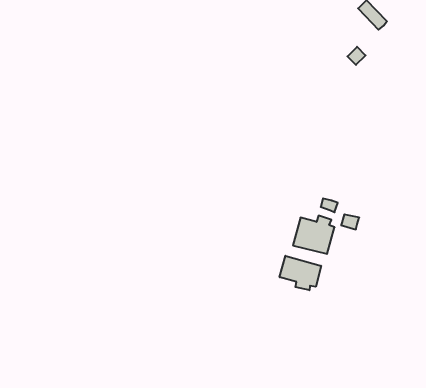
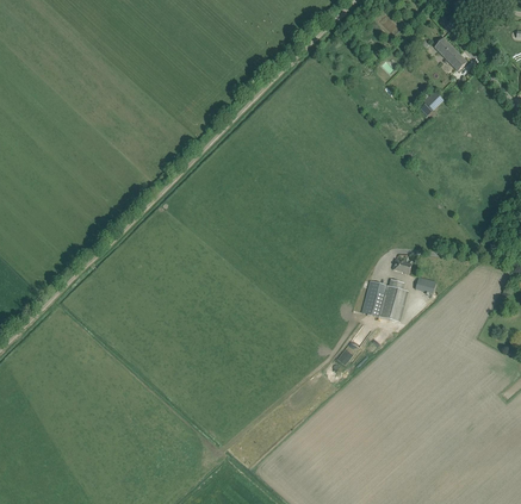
building: [280,256,321,290] -> none

